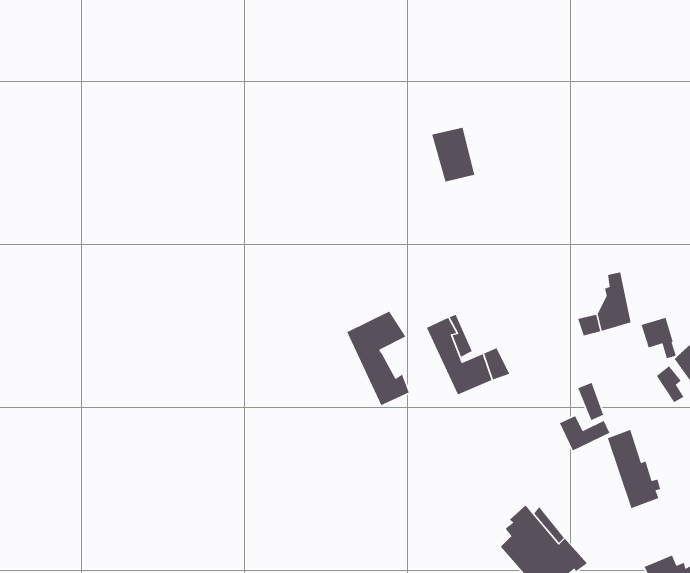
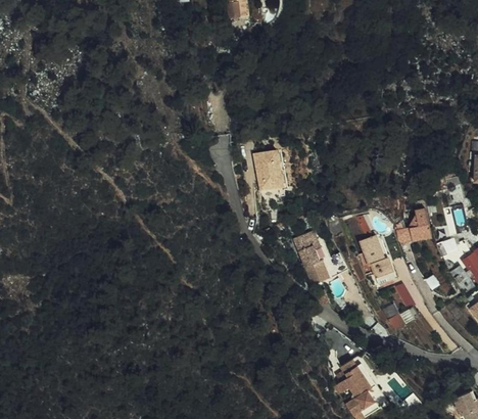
building: [431,127,475,183] -> [255,147,285,185]
building: [346,311,410,406] -> none
building: [607,429,661,509] -> [354,234,391,288]

